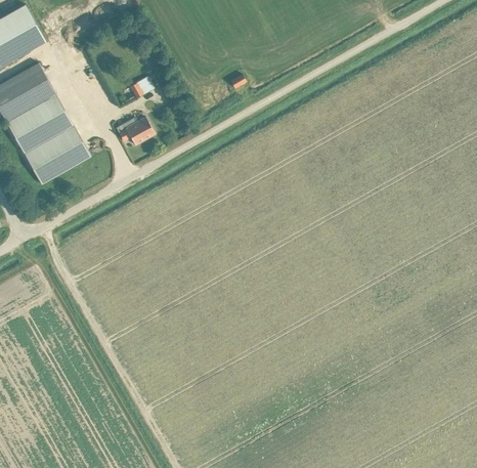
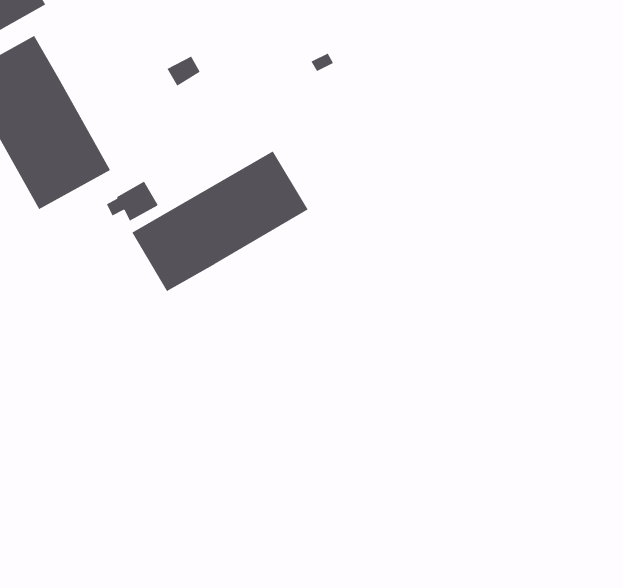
building: [119,117,156,145] -> [106,181,159,222]
building: none -> [131,150,308,292]

